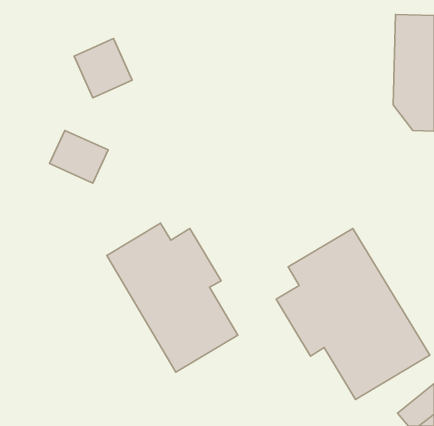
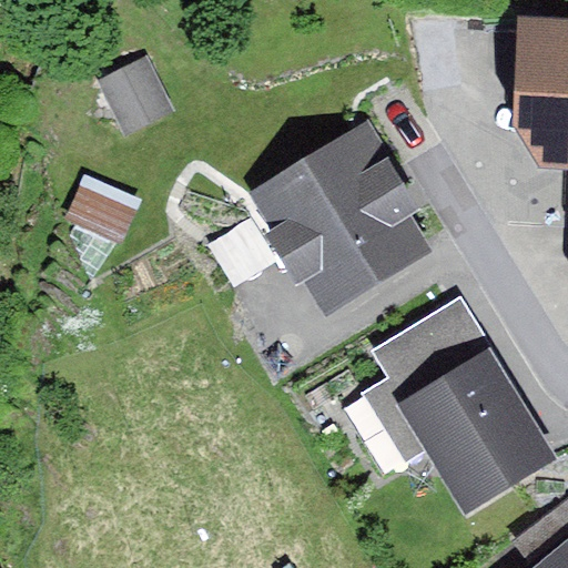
building: none -> [254,121,435,316]
building: [107,223,238,372] -> none

